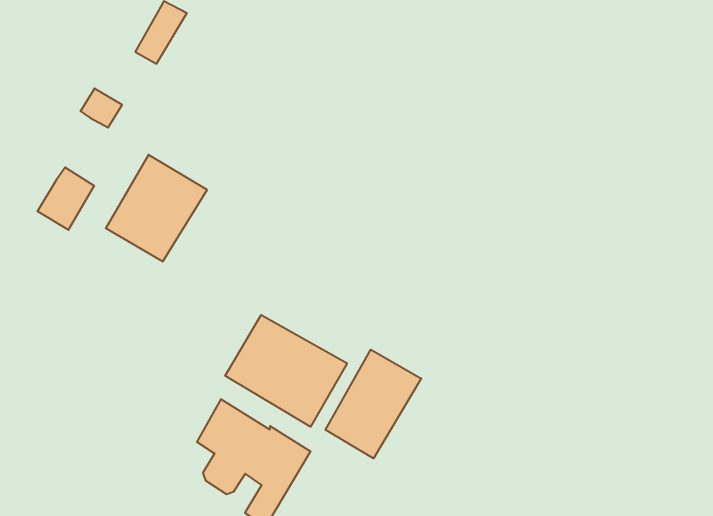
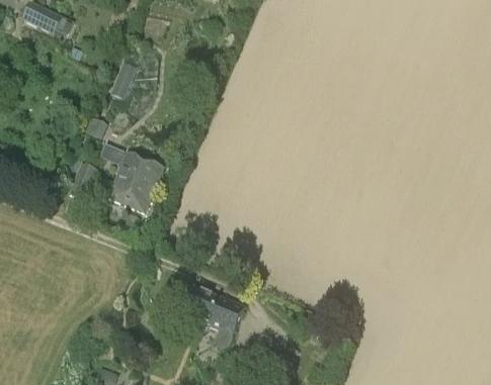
building: [225,315,347,427] -> none
building: [325,350,421,458] -> none

